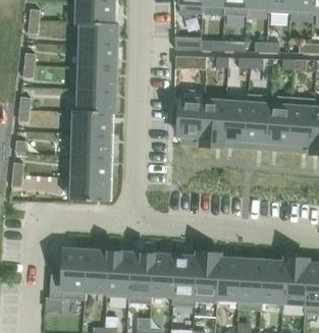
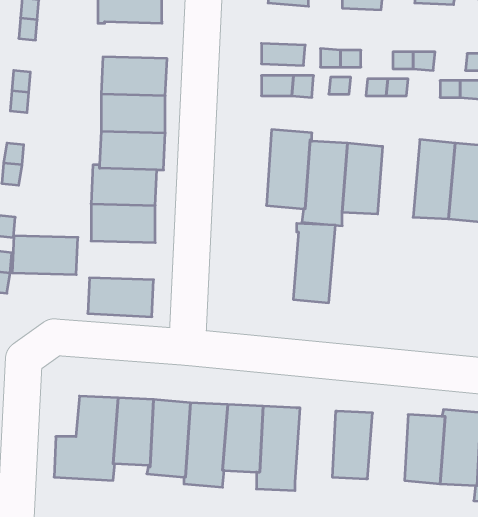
building: [78,23,118,46] -> none
building: [245,94,270,142] -> [293,223,335,303]
building: [70,156,110,179] -> [12,236,78,275]
building: [195,253,220,303] -> none
building: [236,260,263,311] -> none

